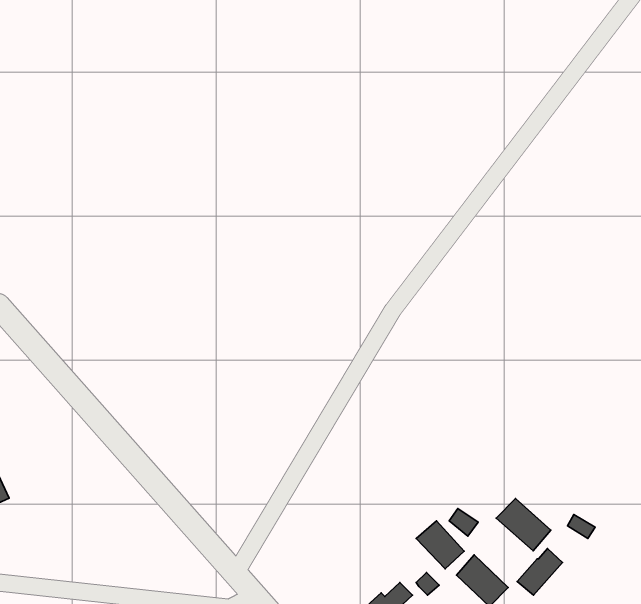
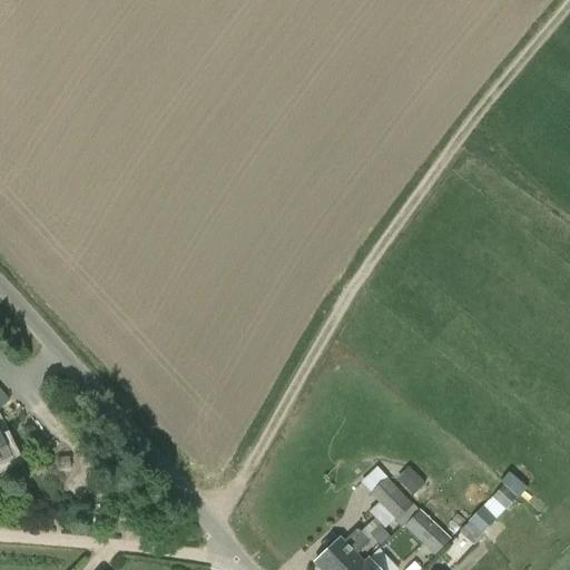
building: [496,499,551,551] -> none

